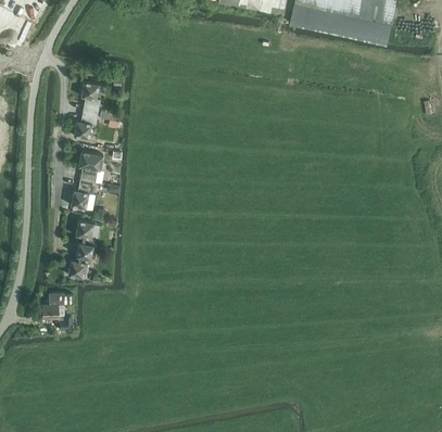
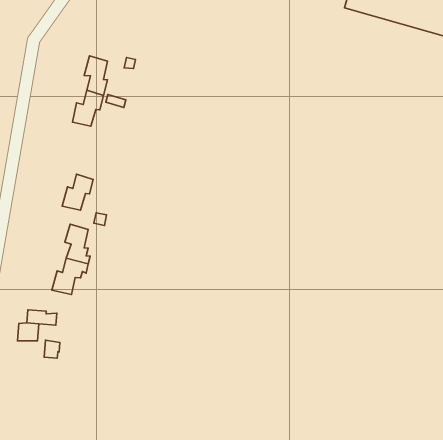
building: [78,150,103,181] -> none

